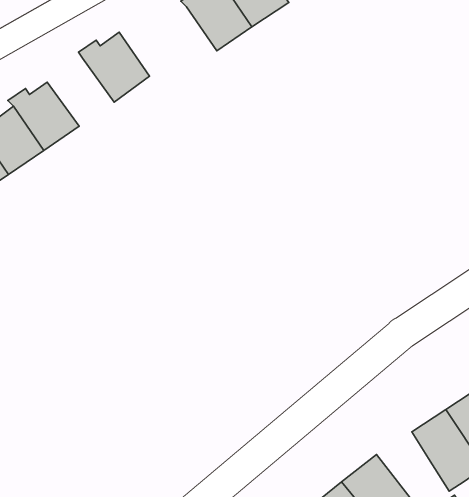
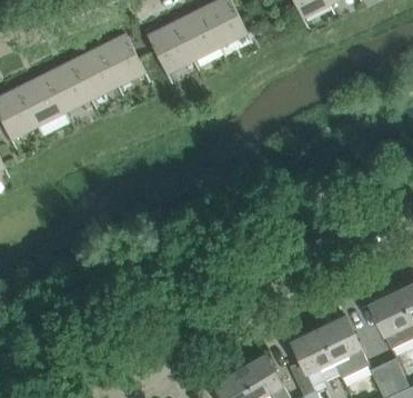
building: none -> [147,27,193,73]
building: none -> [71,52,118,99]

